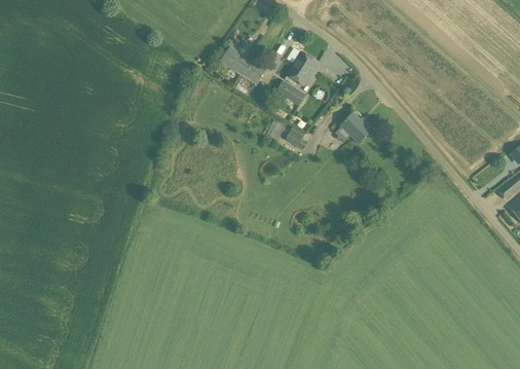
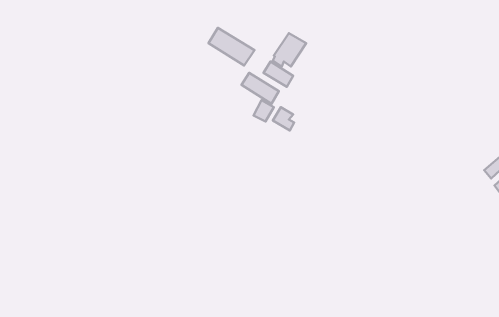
building: none -> [242,73,279,104]
building: [340,111,373,142] -> none

